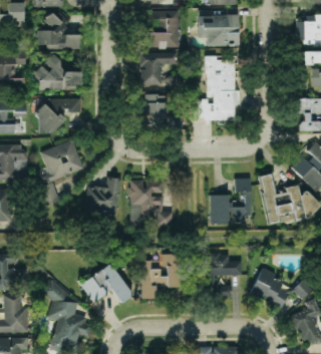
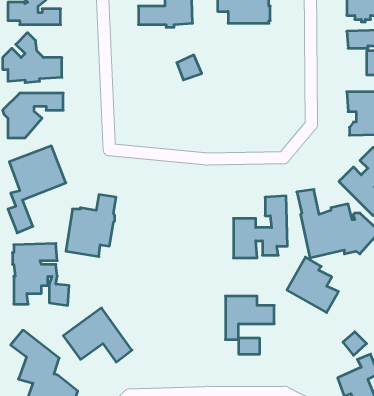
building: [138,52,178,85] -> none
building: [195,55,239,120] -> none
building: [141,94,183,130] -> none
building: [129,180,173,227] -> [12,243,69,305]
building: [141,254,181,299] -> none
building: [250,267,289,309] -> [287,257,338,313]

